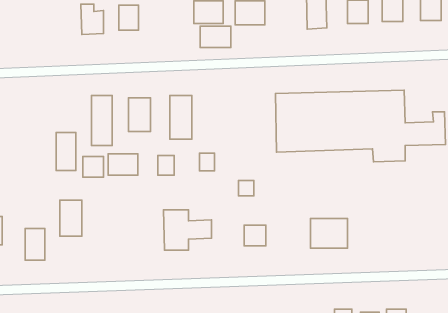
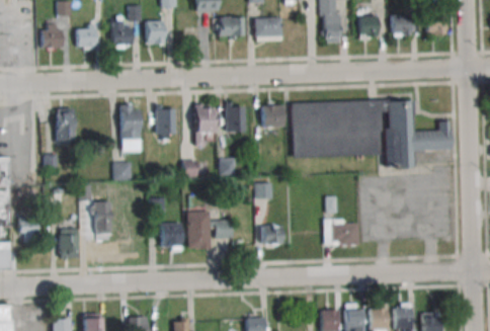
building: none -> [43,22,63,49]
building: none -> [77,23,96,50]
building: [200,26,231,48] -> none
building: none -> [224,103,243,132]
building: none -> [261,103,284,128]
building: [56,132,76,171] -> [56,107,74,143]
building: [108,154,138,175] -> none
building: none -> [160,223,182,250]

